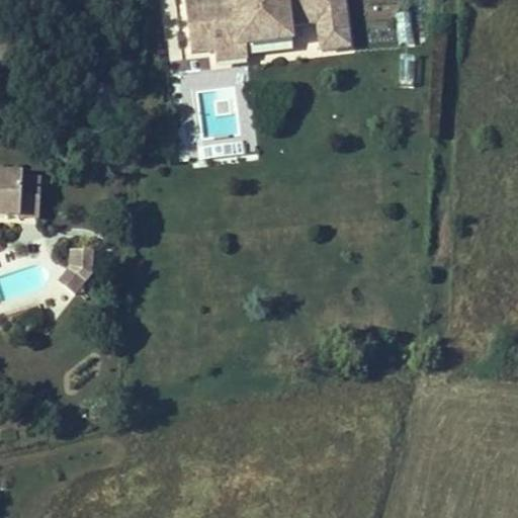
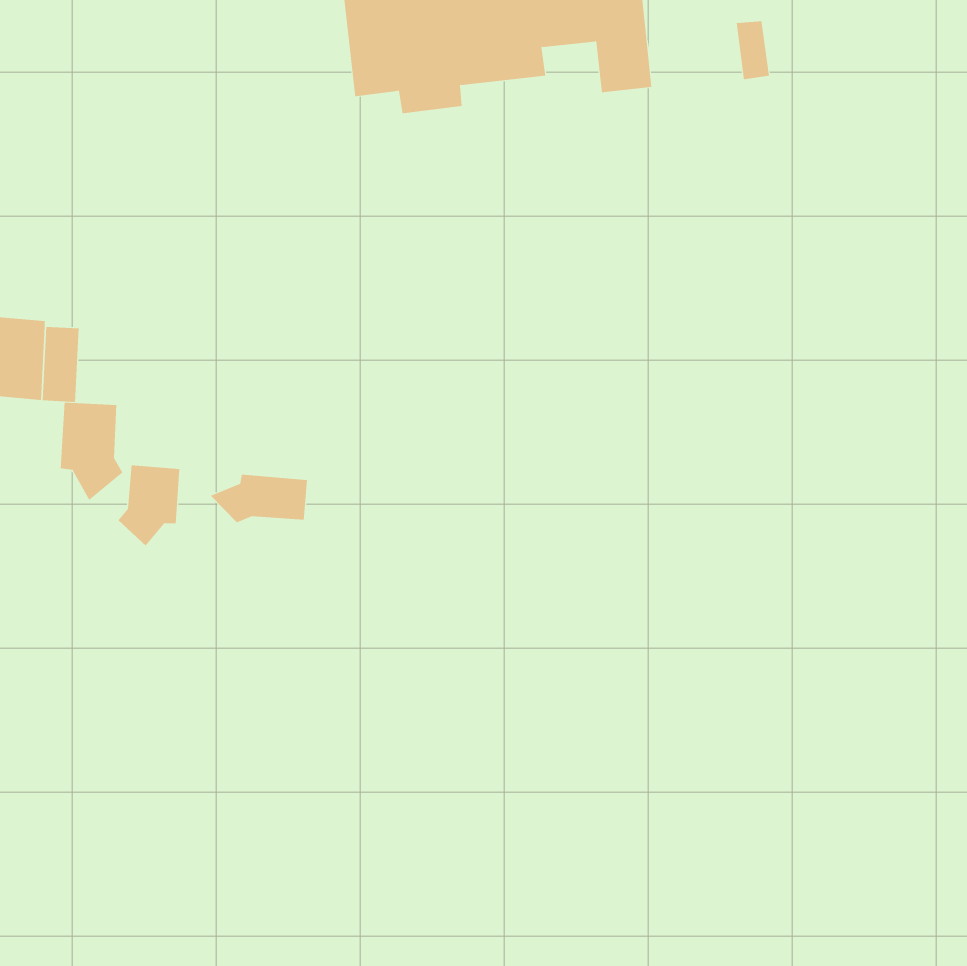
building: none -> [60,402,123,501]
building: none -> [210,474,307,523]

